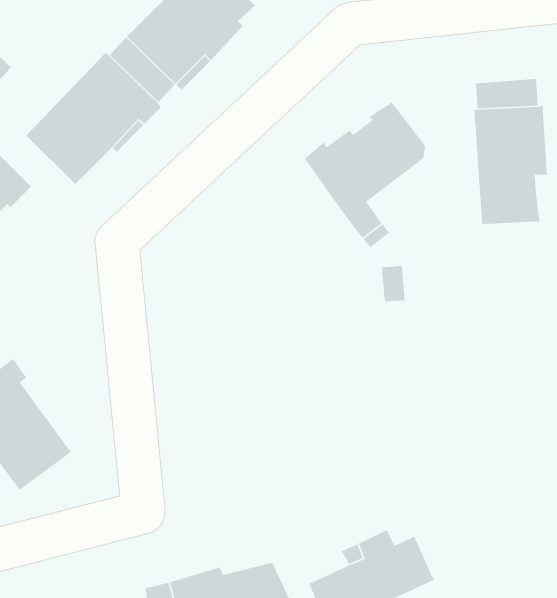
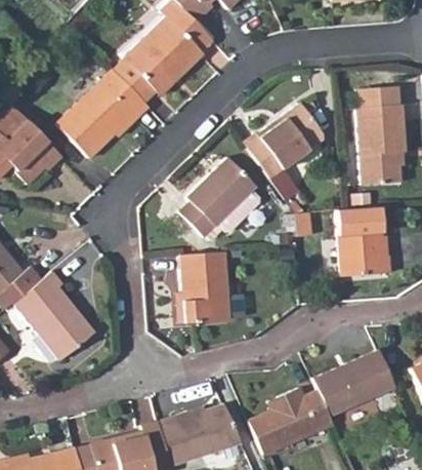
building: none -> [182,156,264,235]
building: none -> [338,207,390,278]
building: none -> [180,251,234,320]
building: none -> [312,349,394,415]

